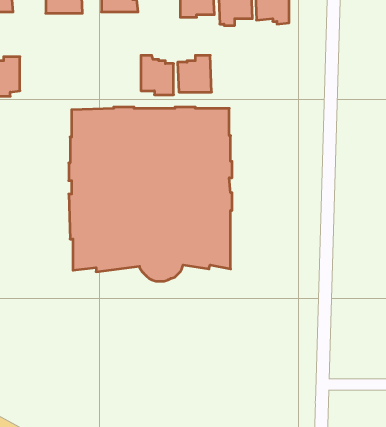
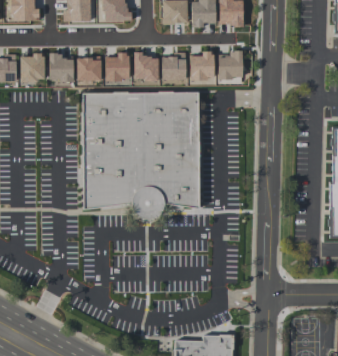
building: none -> [191,50,215,79]
building: none -> [219,50,243,83]
building: none -> [105,52,129,81]
building: none -> [49,53,73,82]
building: none -> [77,55,101,80]

